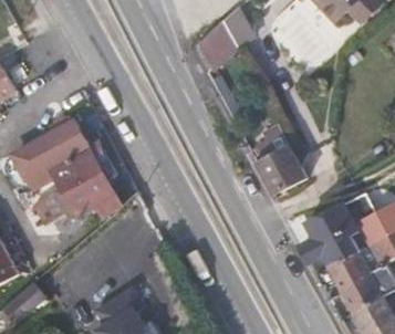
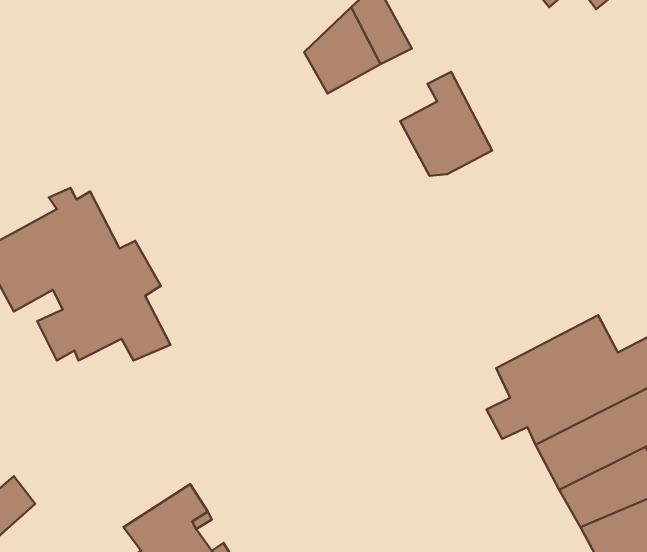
building: [253,134,305,192] -> [400,72,492,176]

